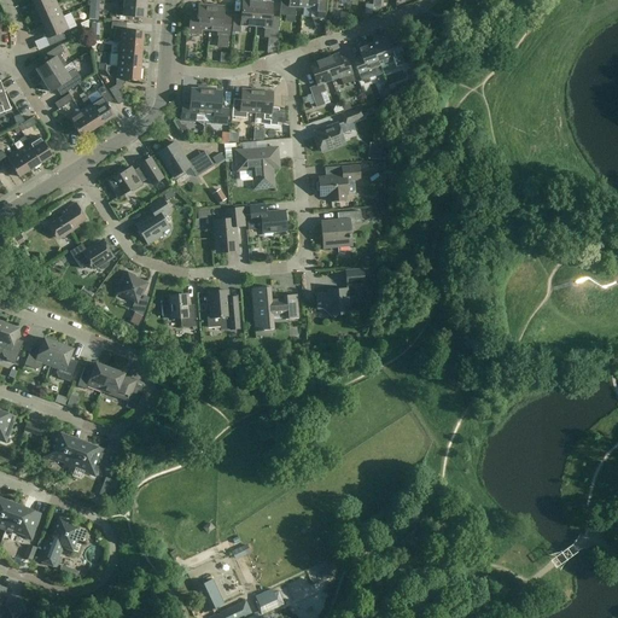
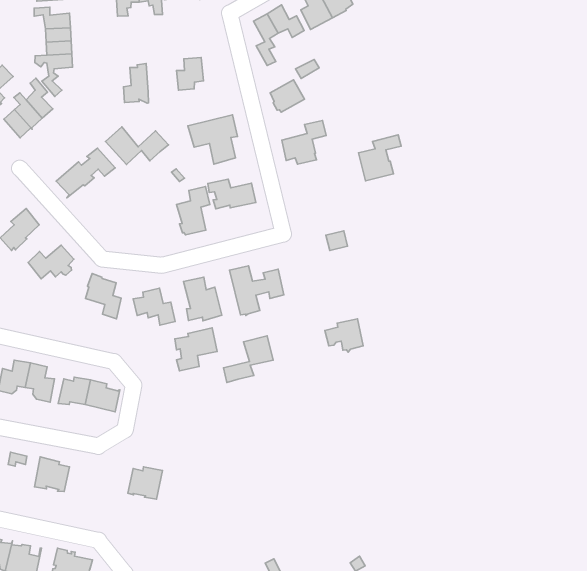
building: [204,87,228,123] -> none
building: [256,89,279,124] -> none
building: [135,197,170,244] -> none
building: [322,210,362,247] -> [358,135,401,181]
building: [316,287,349,316] -> [325,319,363,352]
building: none -> [175,328,217,371]
building: none -> [224,336,273,382]
building: [70,443,105,474] -> [128,467,163,499]

